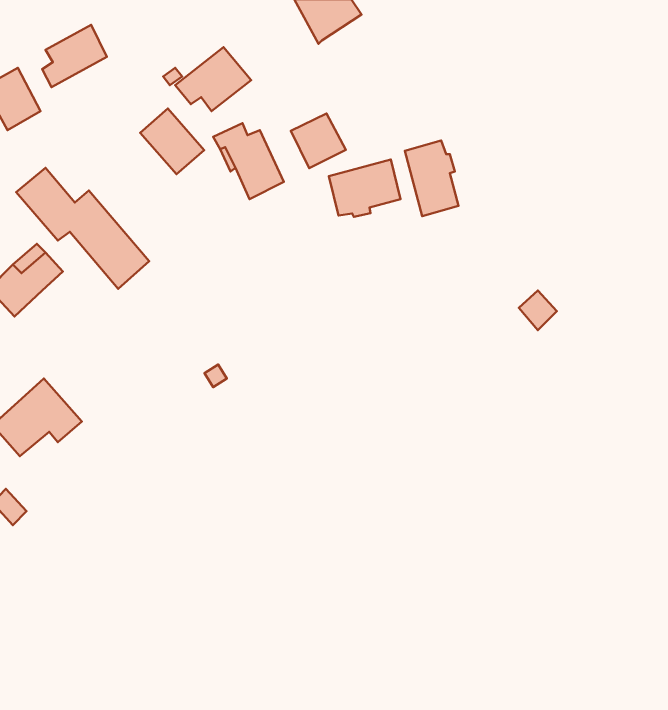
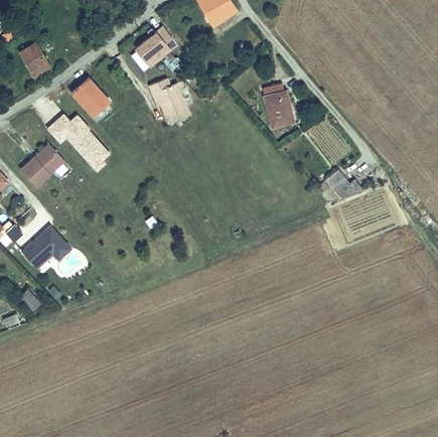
building: [42,25,107,87] -> none
building: [140,109,204,174] -> [75,76,112,114]
building: [291,114,346,168] -> none
building: [329,160,401,217] -> none

